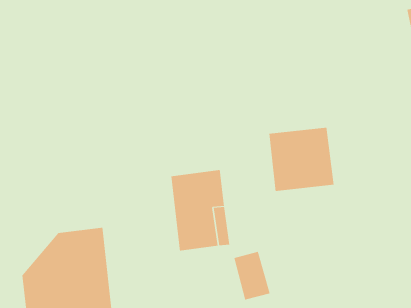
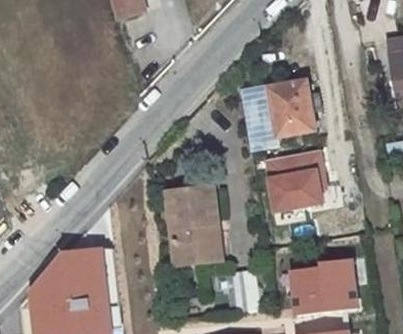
building: none -> [241,82,321,142]
building: none -> [287,257,360,315]

